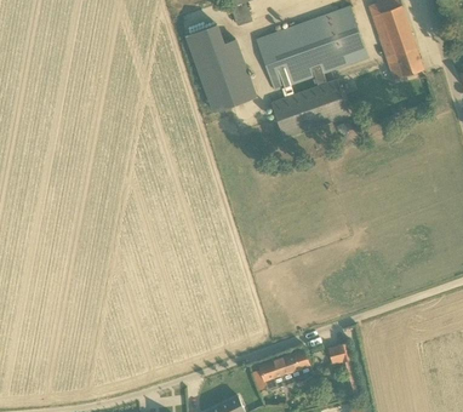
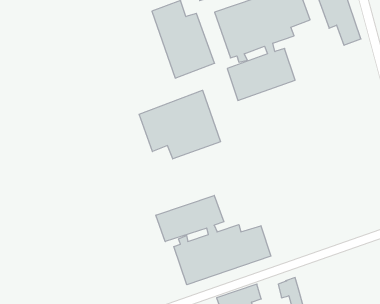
building: none -> [139,90,221,159]
building: none -> [156,195,271,285]

